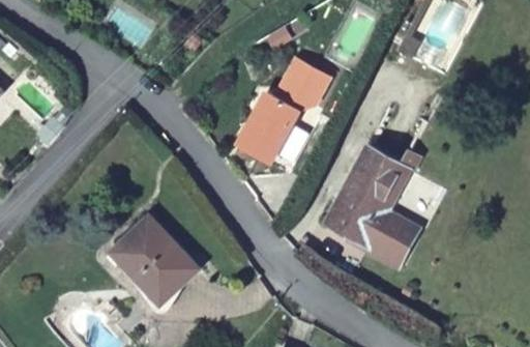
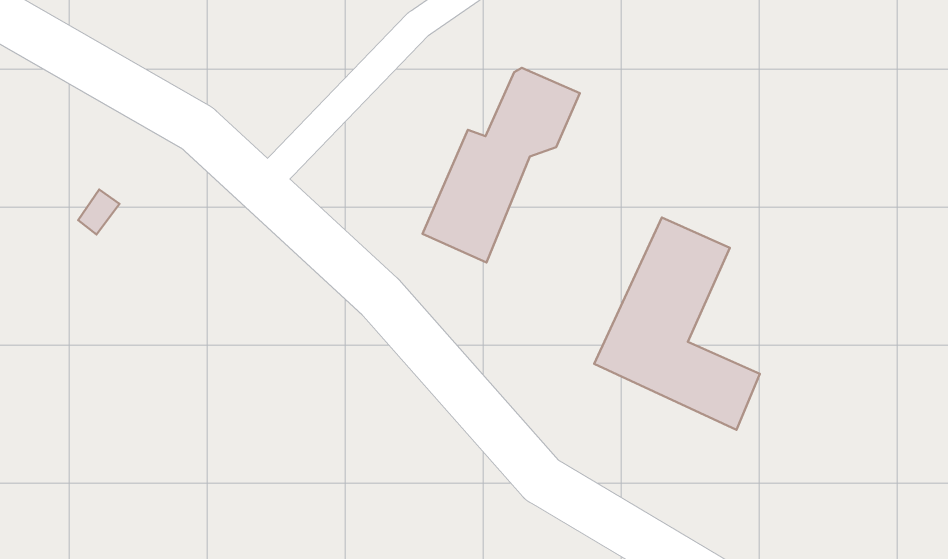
building: [375,166,417,234] -> none
building: [112,215,197,302] -> none

